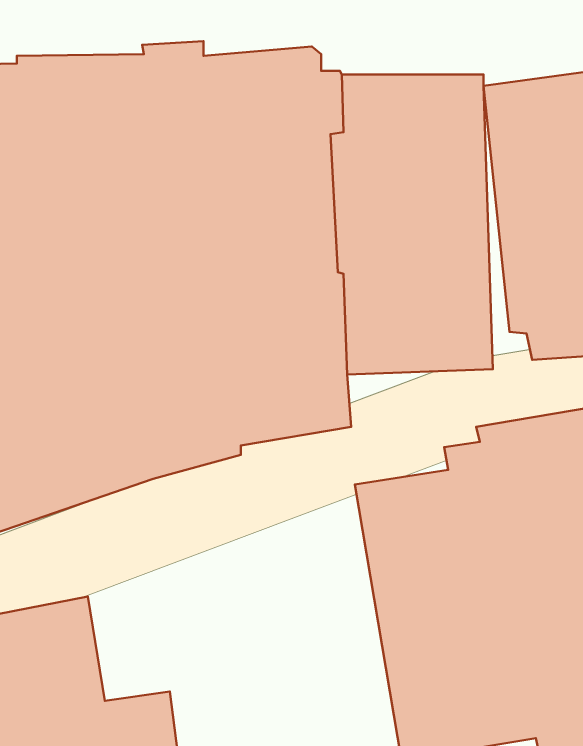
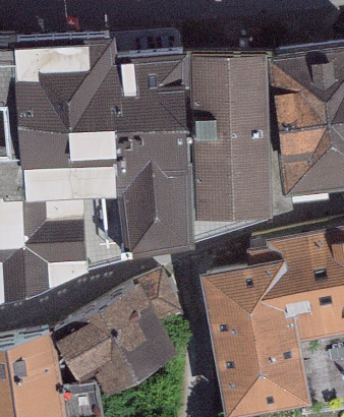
building: none -> [56,275,183,397]

